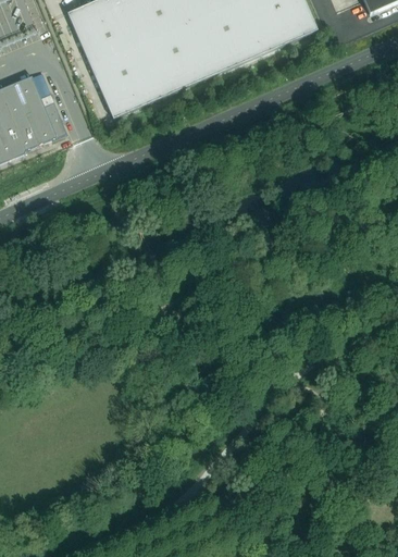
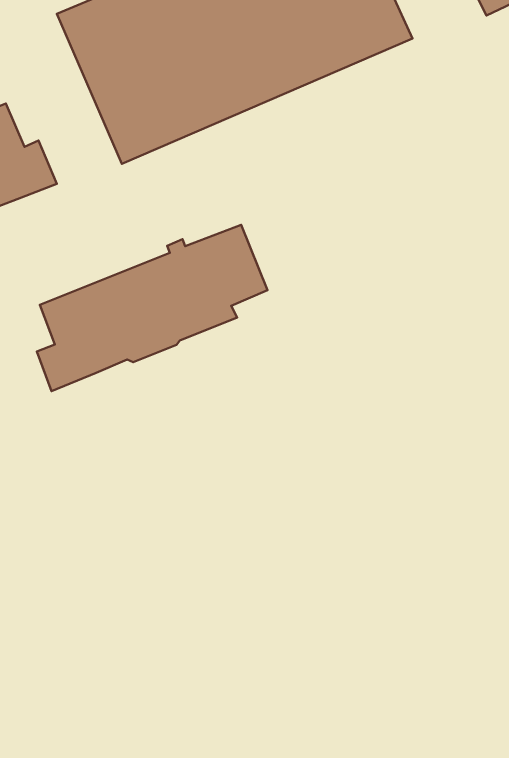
building: none -> [37,225,268,391]

